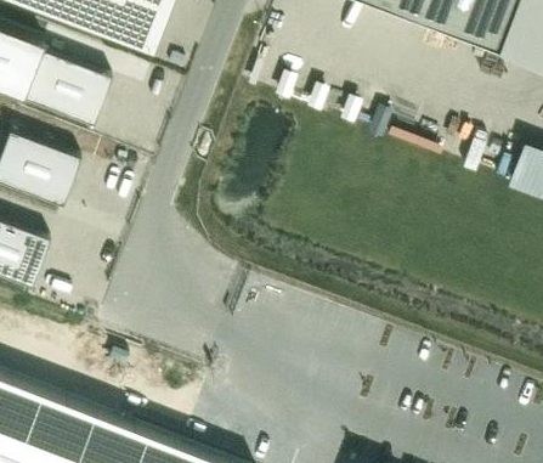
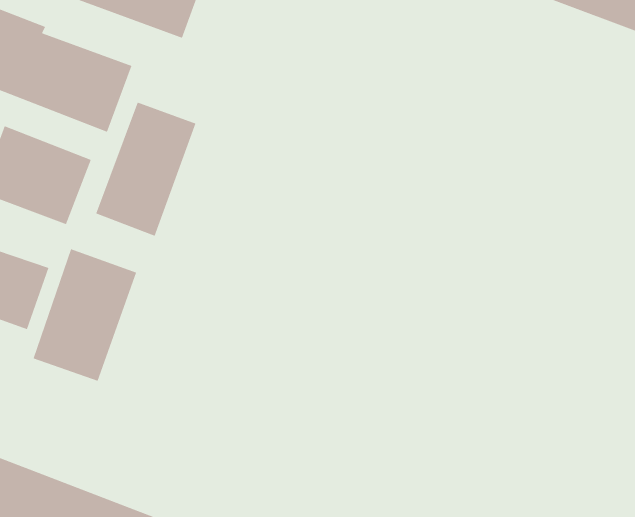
building: none -> [95,102,196,237]
building: none -> [33,248,137,382]

